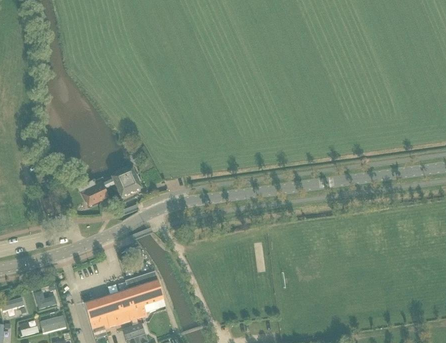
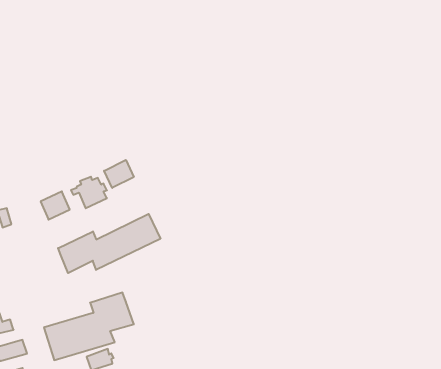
building: none -> [104,160,134,188]
building: none -> [58,214,160,273]

